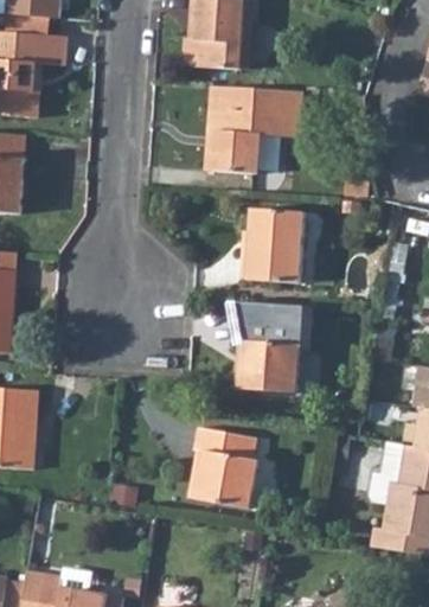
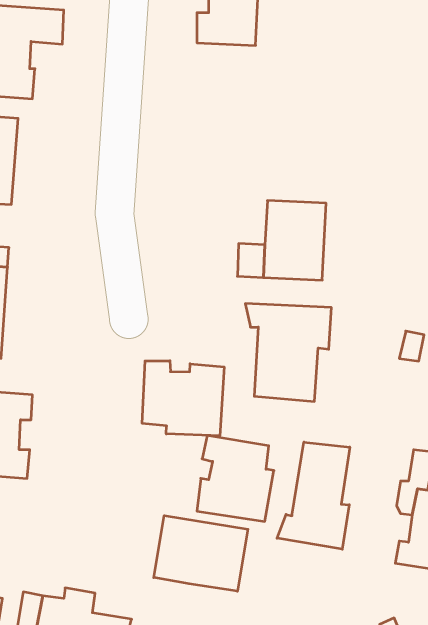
building: [209,91,300,175] -> none
building: none -> [142,361,224,436]
building: none -> [277,442,350,549]
building: none -> [154,516,248,591]

